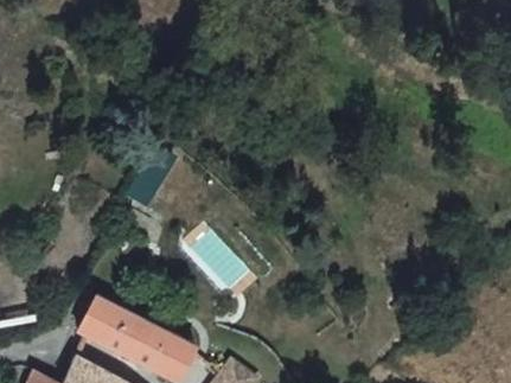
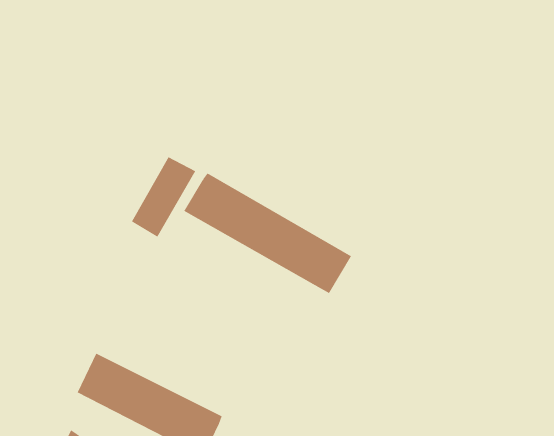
building: none -> [183,172,352,294]

